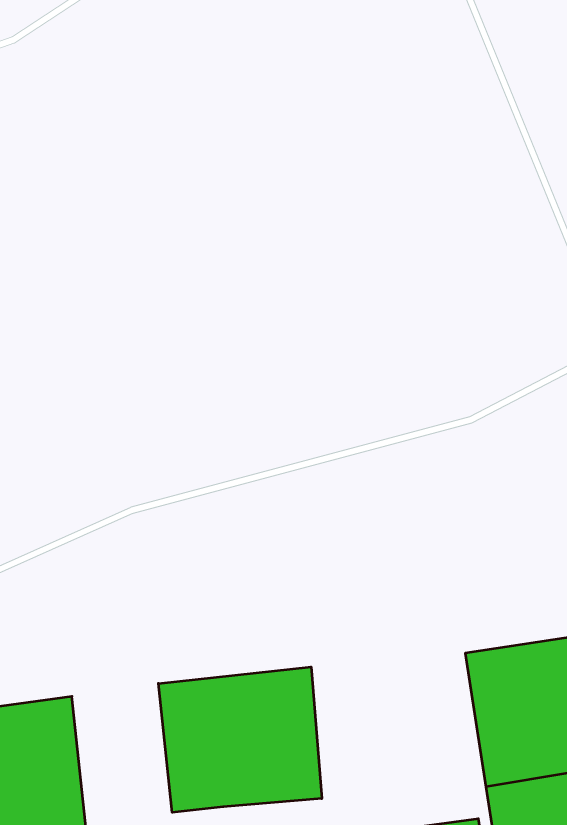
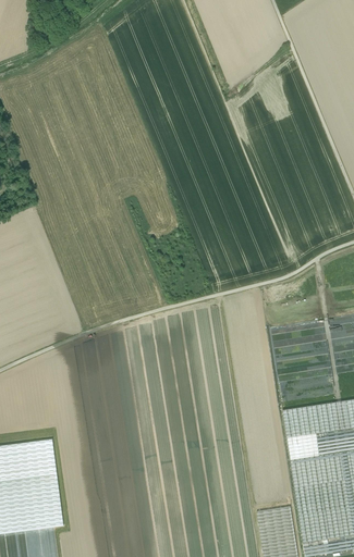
building: [158,667,322,812] -> none

